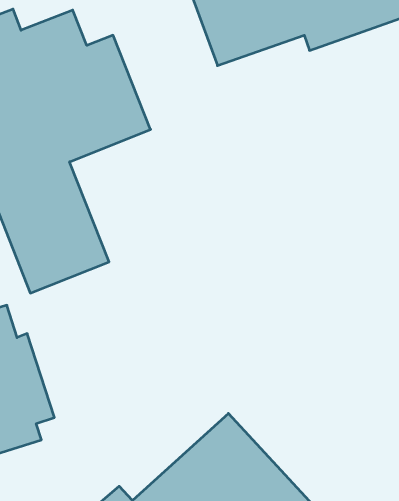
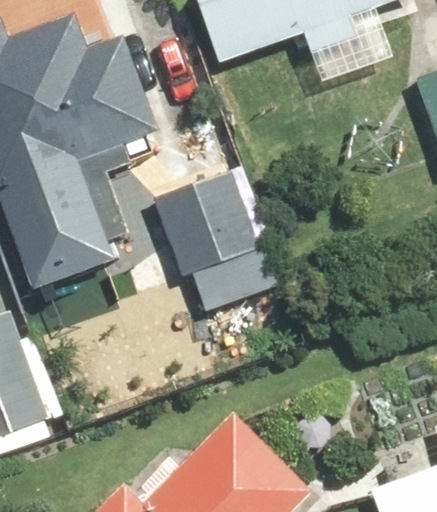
building: none -> [149,168,261,281]

